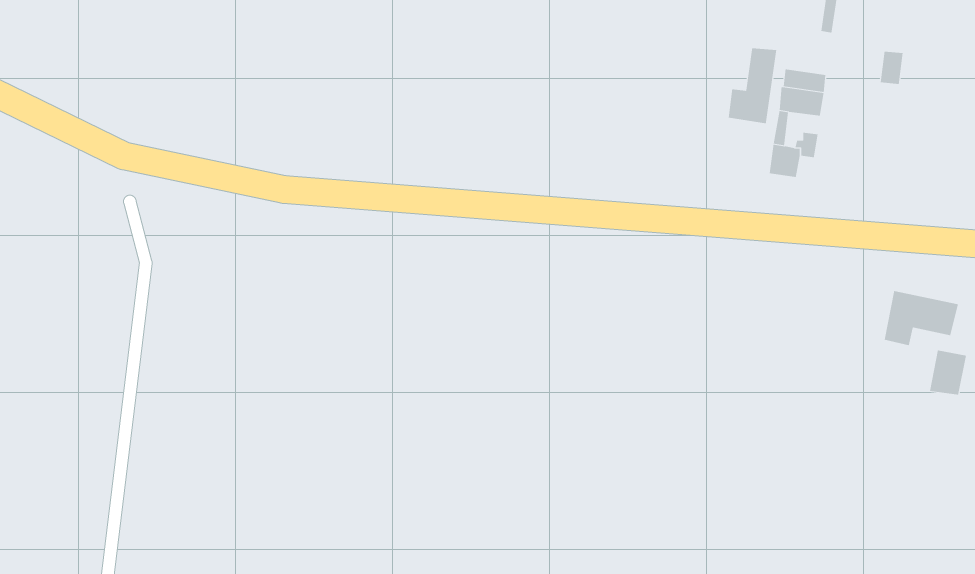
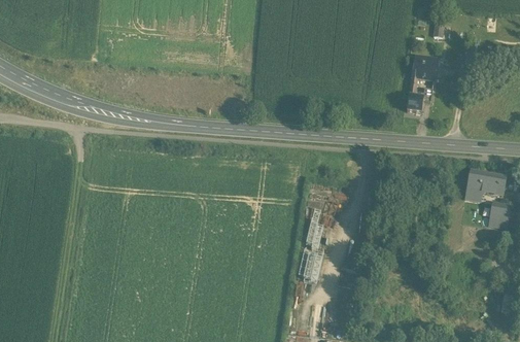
building: [728,47,777,124] -> none

